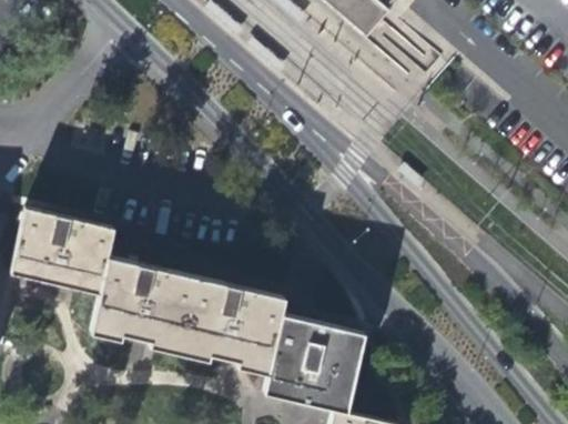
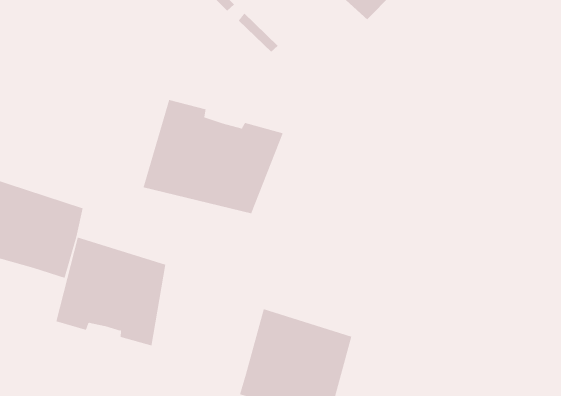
building: none -> [143,99,283,214]
building: [184,277,287,374] -> none

